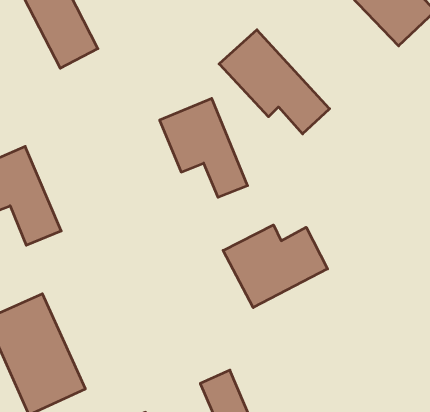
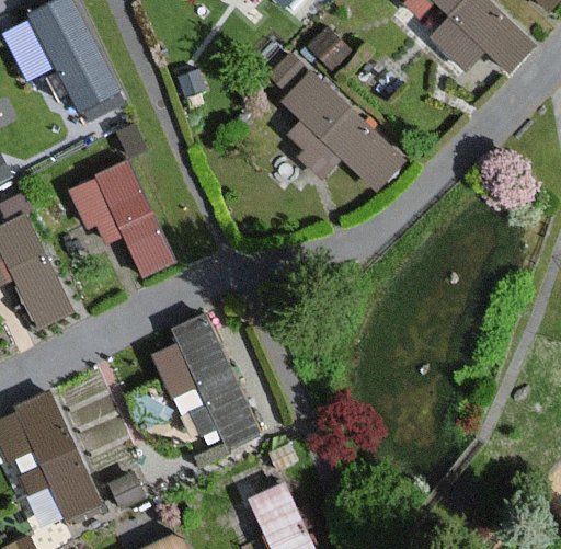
building: [160,98,248,197] -> [66,158,173,278]
building: [223,225,328,308] -> none
building: none -> [146,314,263,455]

